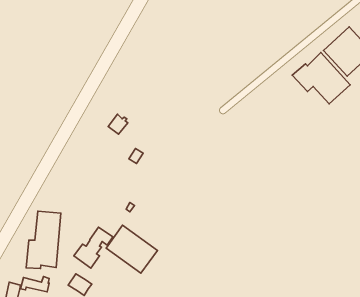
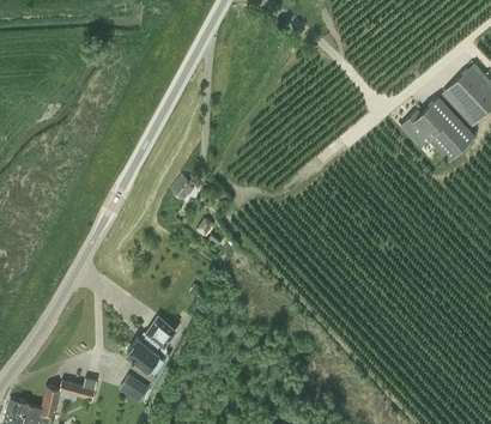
building: [26,211,61,268] -> none
building: [106,225,157,273] -> none

